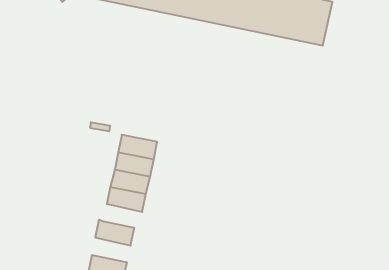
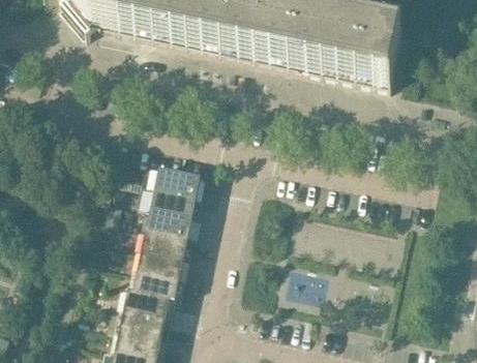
building: none -> [157,163,203,192]
building: none -> [136,265,181,295]
building: none -> [122,304,168,333]

